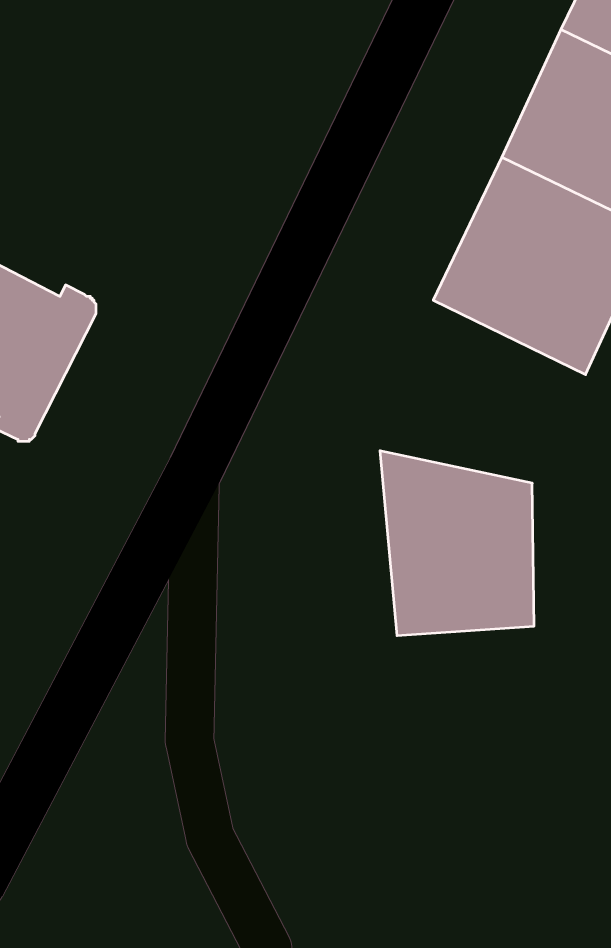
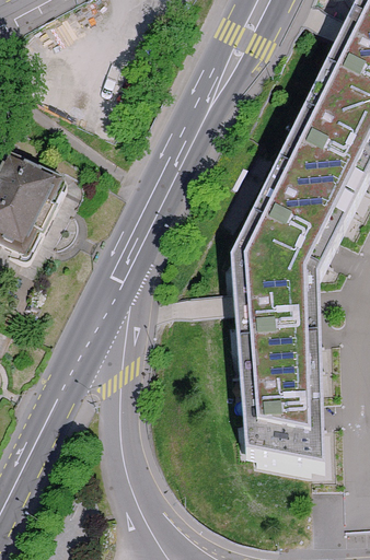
building: none -> [230,174,348,279]
building: none -> [240,361,324,469]

